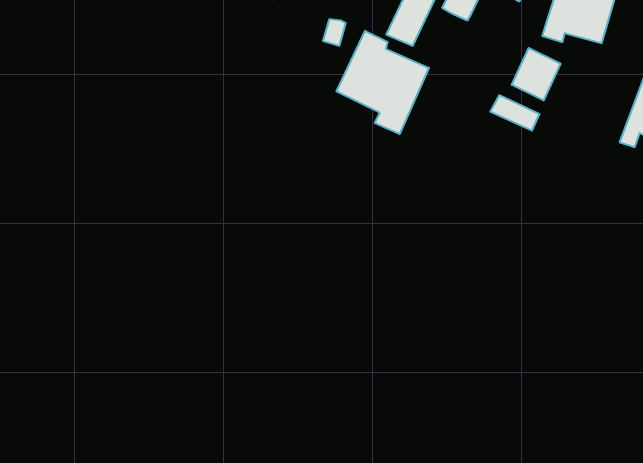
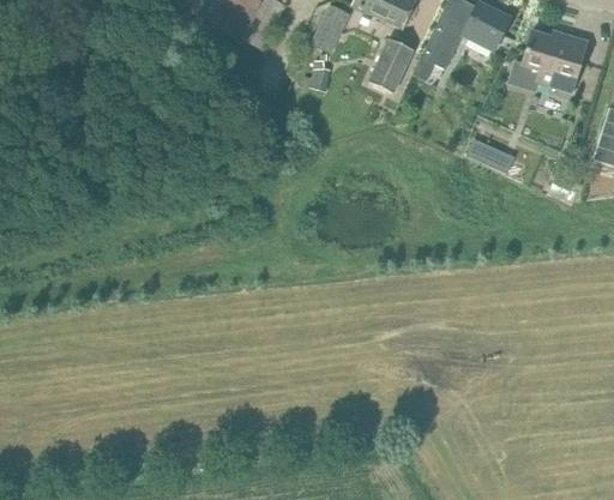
building: [337,31,429,134] -> none
building: [512,48,561,101] -> none

